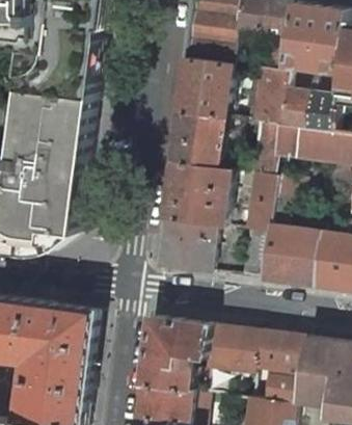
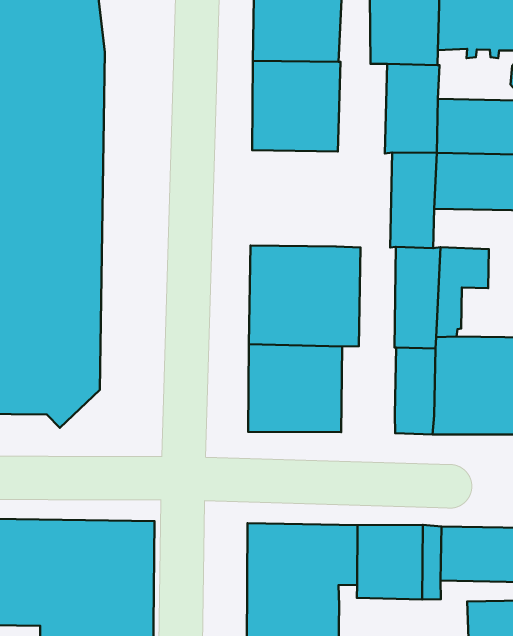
building: [170,110,225,169] -> none

